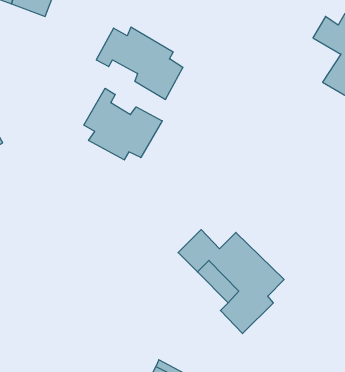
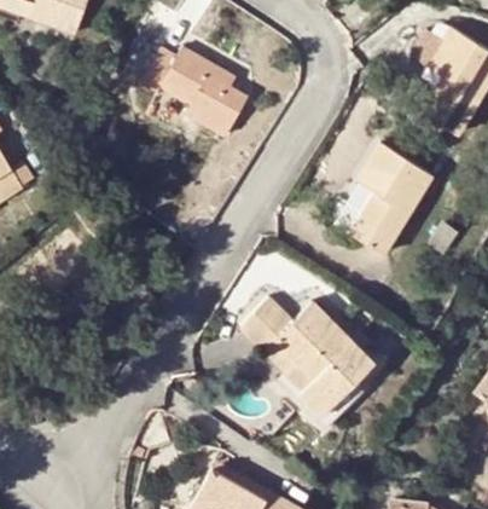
building: [84,88,162,160] -> none
building: none -> [352,145,431,255]

